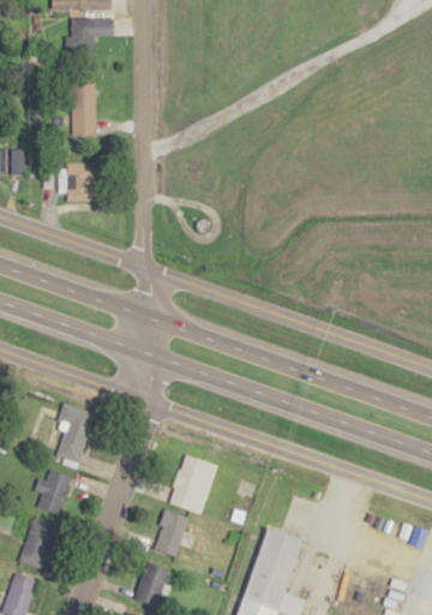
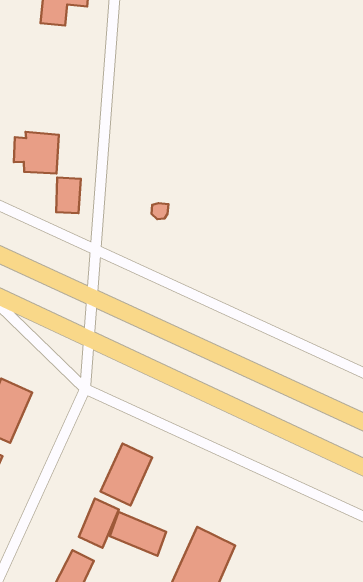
building: [71,84,95,135] -> none
building: none -> [56,177,81,213]
building: none -> [110,512,166,556]

